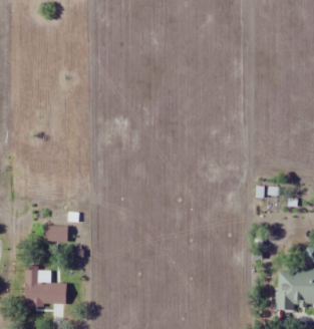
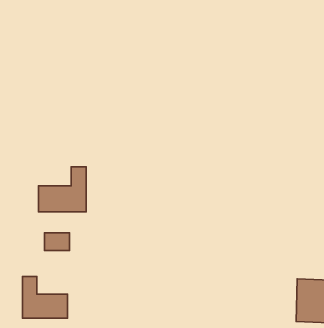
building: none -> [38,167,86,212]

